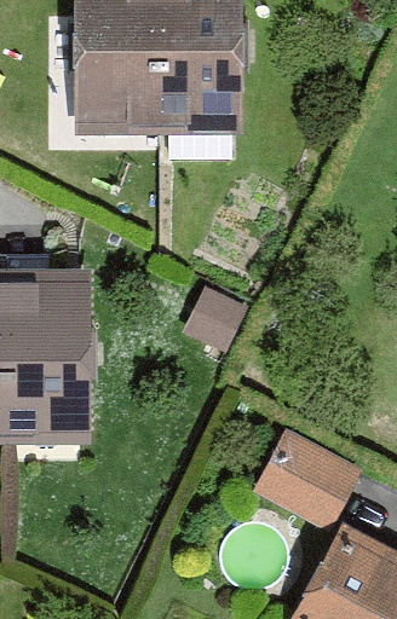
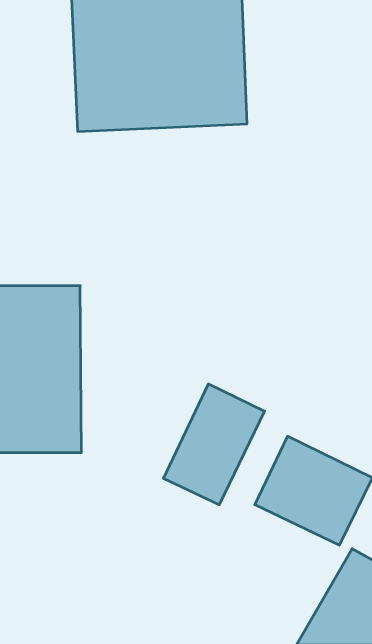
building: none -> [164,384,265,505]

